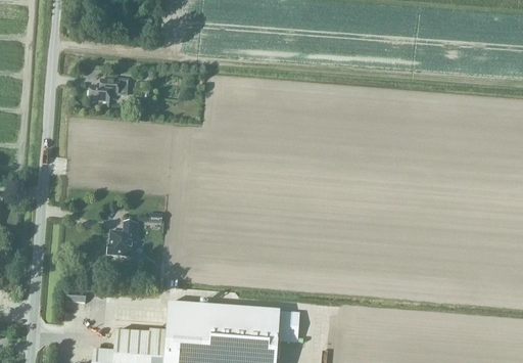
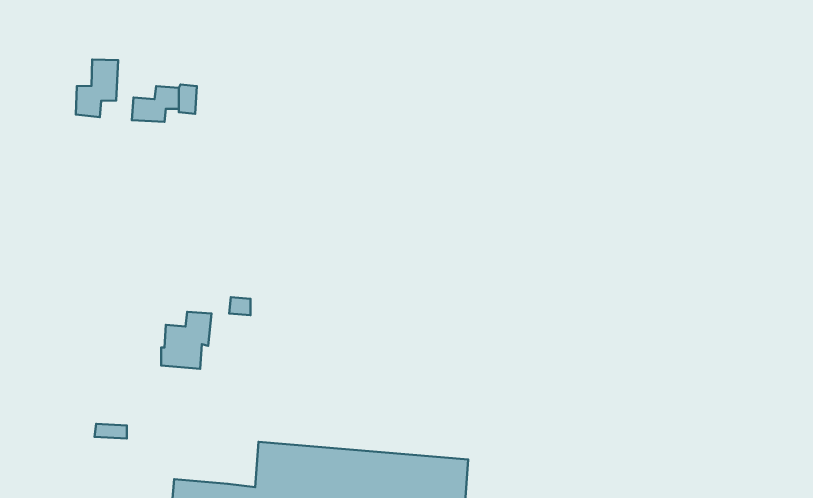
building: none -> [76,59,118,117]

